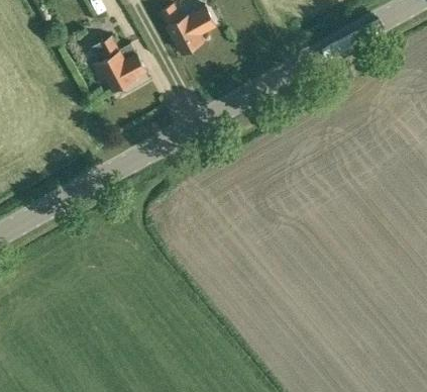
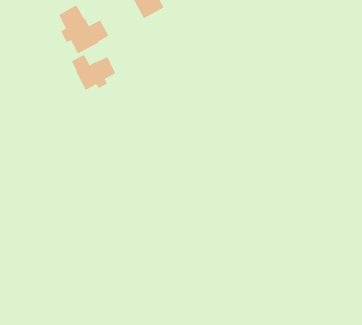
building: none -> [71,54,116,91]

